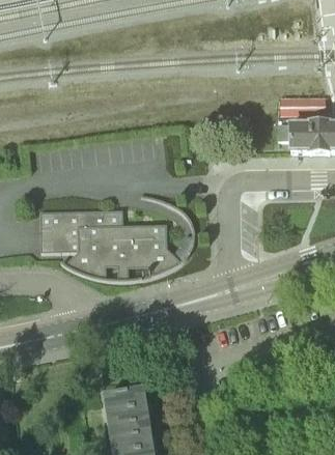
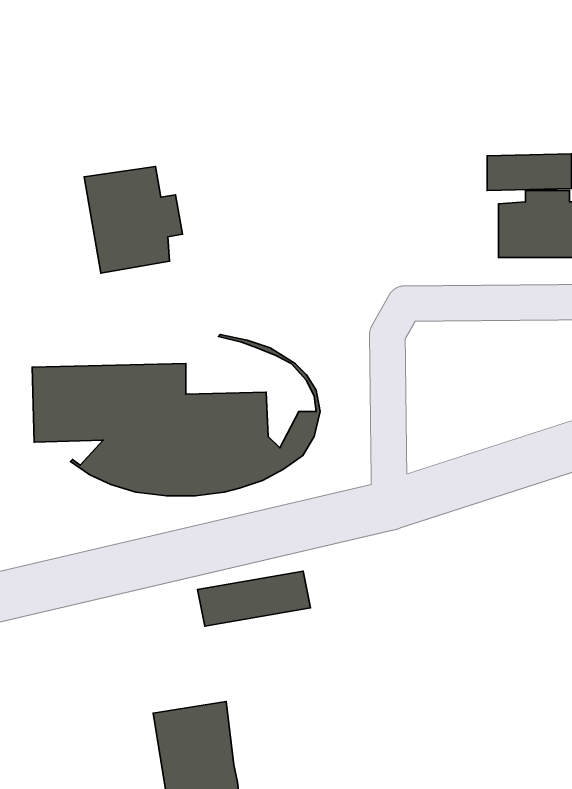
building: none -> [84,166,182,273]
building: none -> [197,571,311,626]

